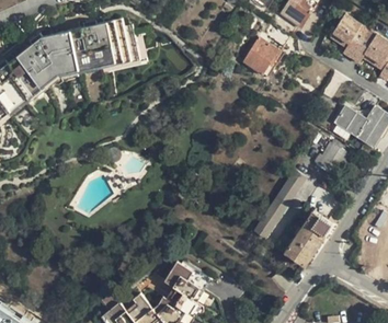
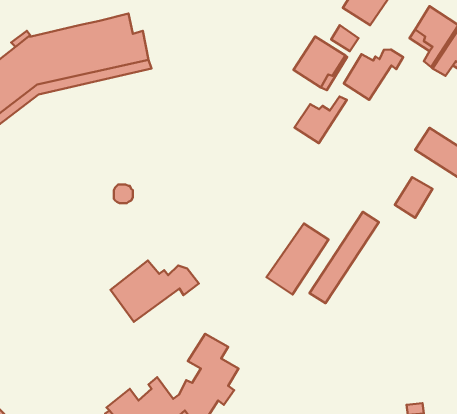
building: none -> [344,50,403,100]
building: none -> [294,96,347,143]
building: none -> [111,261,199,322]
building: [285,210,332,264] -> [266,223,329,294]

